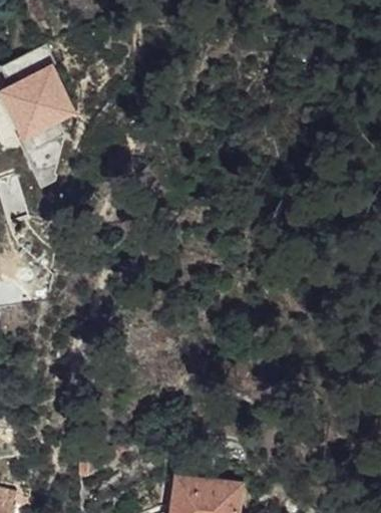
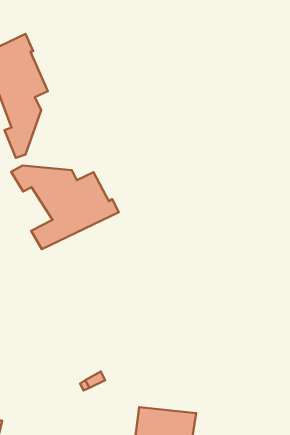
building: none -> [11,166,119,249]

